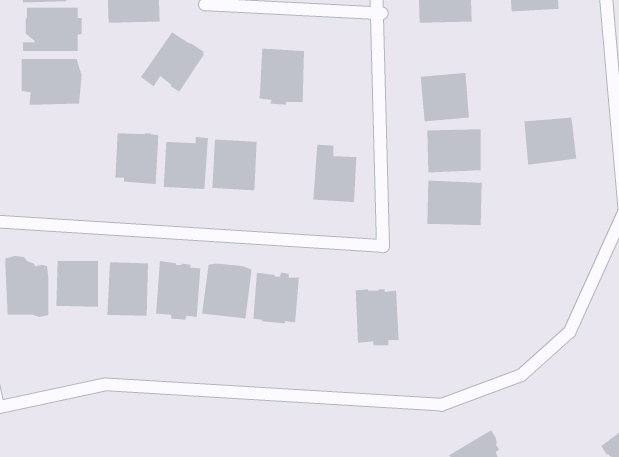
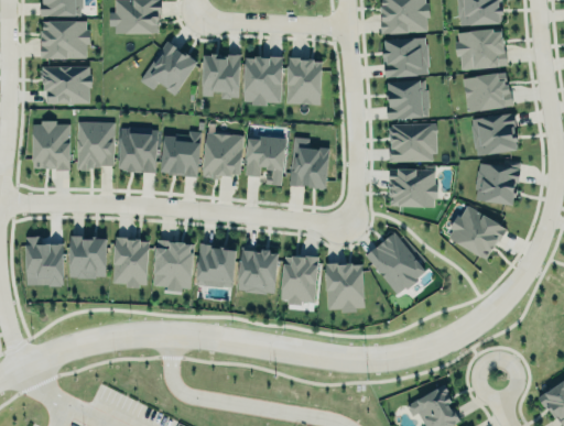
building: none -> [454,26,507,69]
building: none -> [383,39,427,77]
building: none -> [285,54,323,106]
building: none -> [202,55,239,99]
building: none -> [463,72,513,111]
building: none -> [33,120,70,170]
building: none -> [76,122,115,168]
building: none -> [246,136,284,186]
building: none -> [474,161,520,205]
building: none -> [447,206,505,260]
building: none -> [366,232,426,296]
building: none -> [280,247,319,306]

